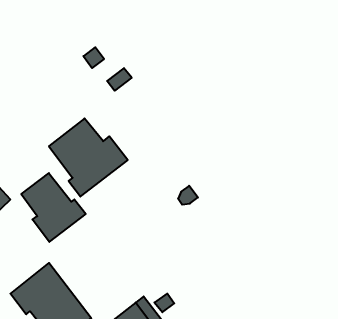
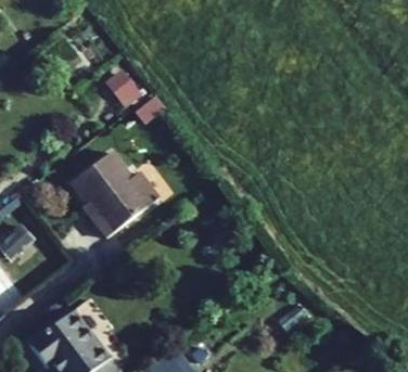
building: [21,173,86,242] -> none

